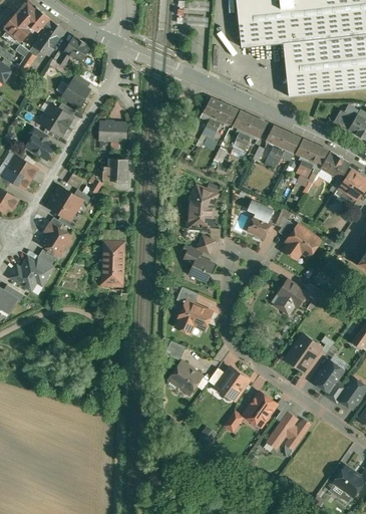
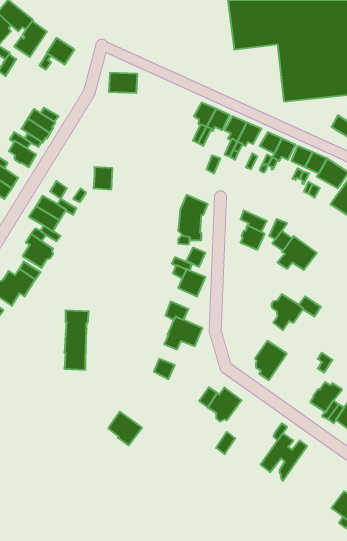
building: [63,79,89,106] -> none
building: [99,121,126,141] -> [109,73,137,93]
building: [102,230,125,286] -> [64,310,89,370]
building: [291,333,321,370] -> [255,341,287,380]
building: [170,360,203,393] -> [108,412,142,445]
building: [244,391,277,423] -> none

